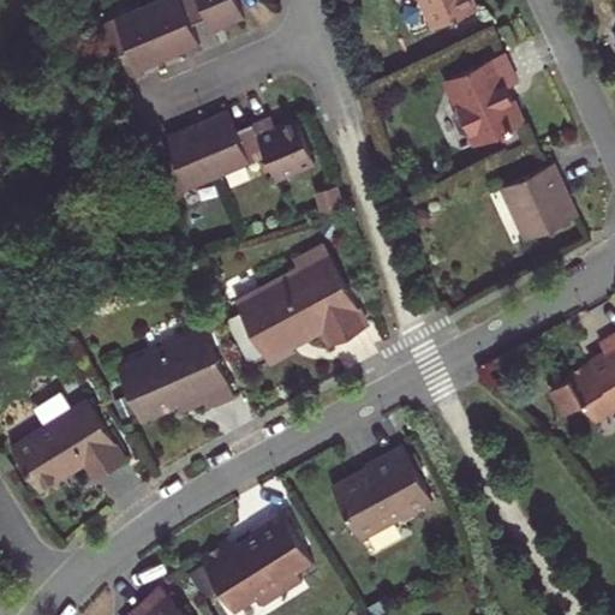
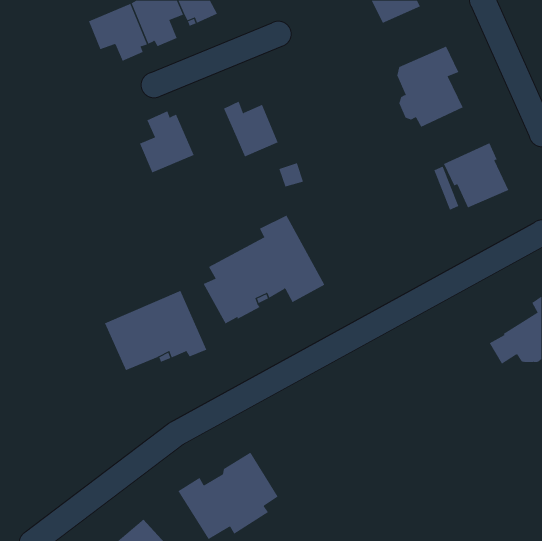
building: [199,112,267,178] -> none
building: [12,400,126,494] -> none
building: [327,446,425,536] -> none

